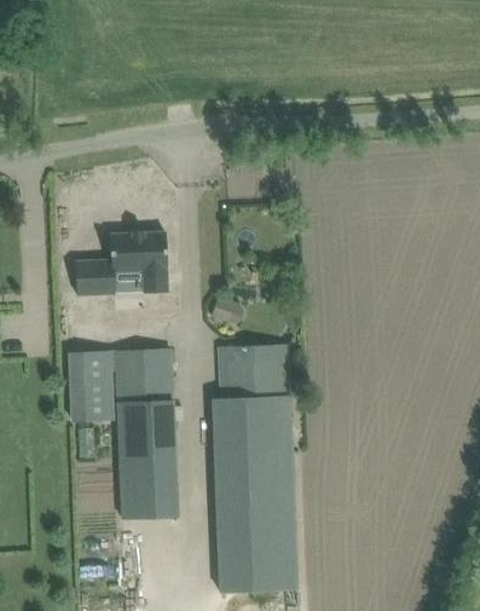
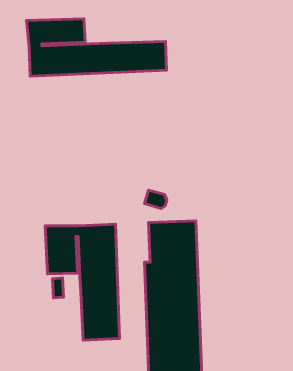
building: none -> [27,19,166,76]
building: [76,231,167,295] -> none

